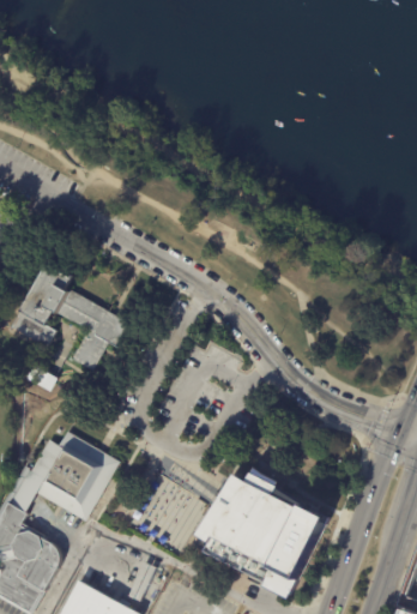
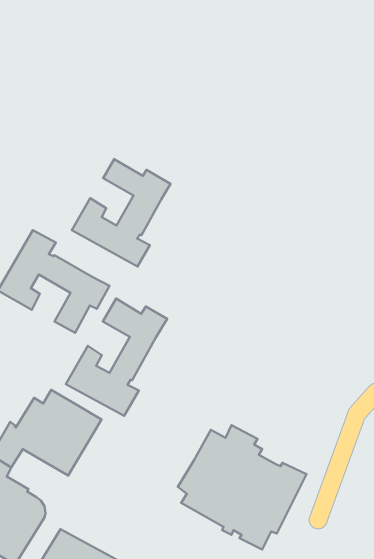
building: none -> [72,159,171,266]
building: none -> [66,299,167,416]

